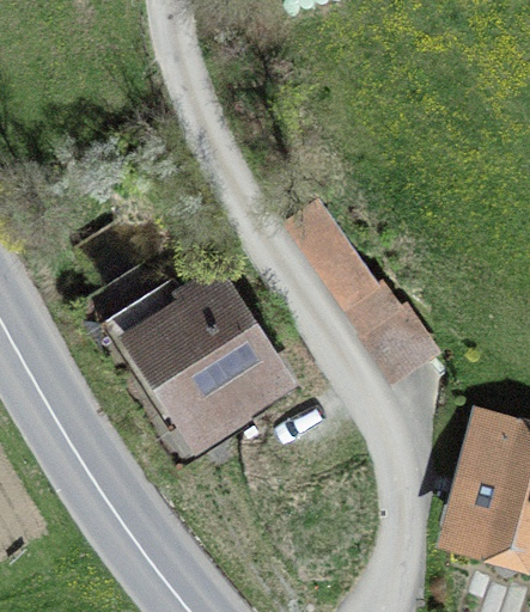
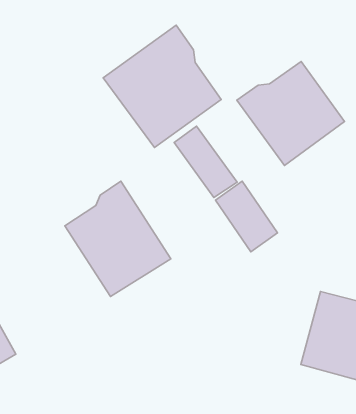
building: none -> [103,25,221,147]
building: none -> [237,62,344,166]

